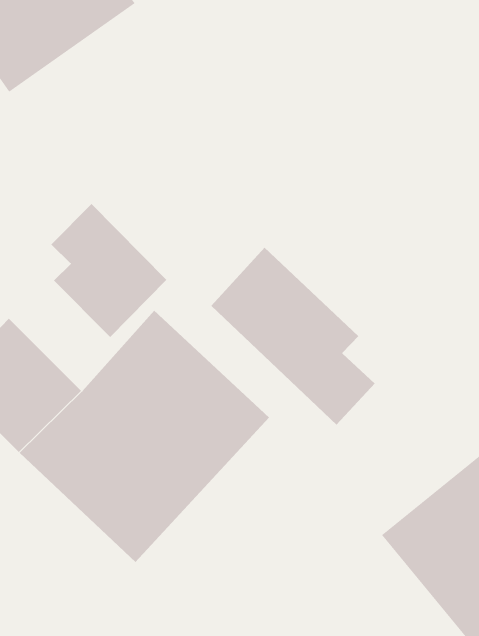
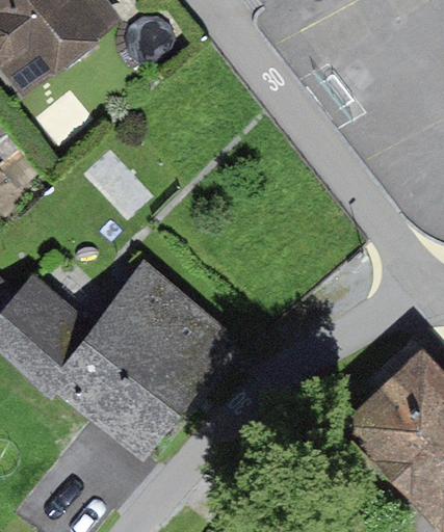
building: [51,203,167,338] -> none
building: [210,247,375,425] -> none

